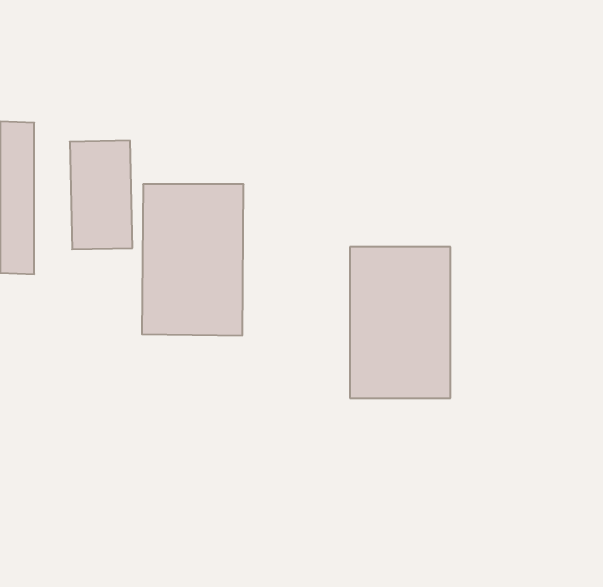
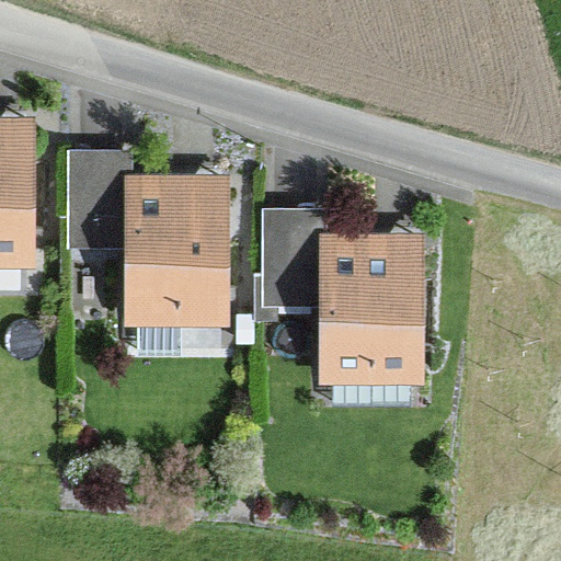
building: none -> [264,205,319,304]

